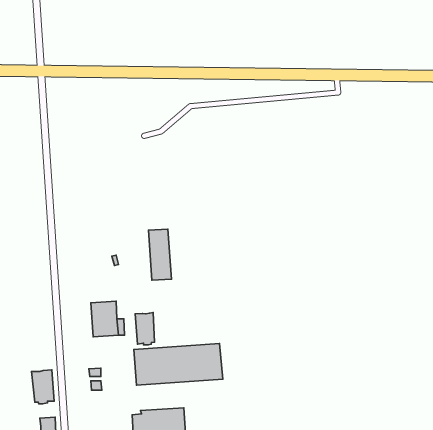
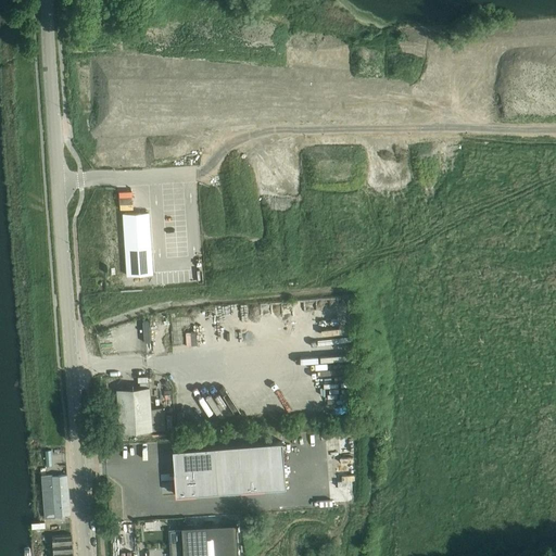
building: [148,229,171,280] -> [123,216,152,281]
building: [135,313,154,345] -> none

